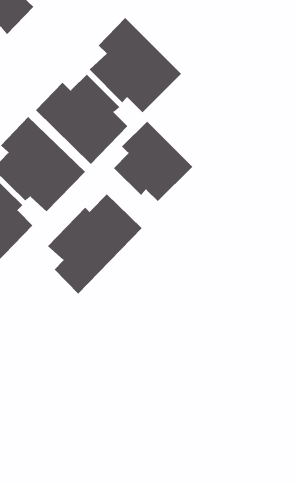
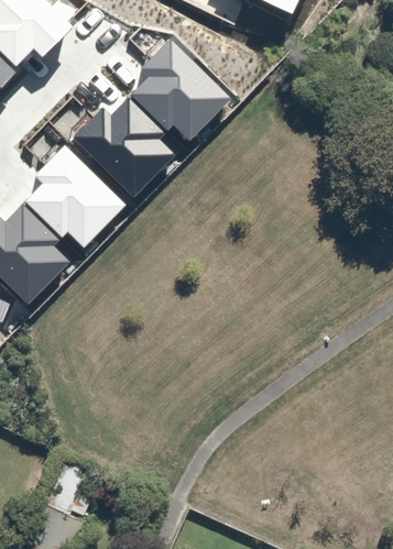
building: [113,121,193,202] -> none
building: [47,194,142,295] -> none

